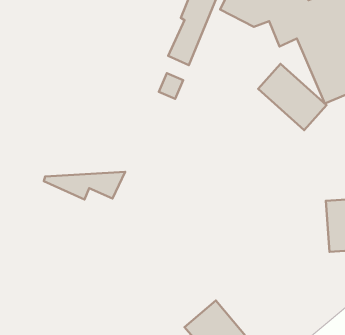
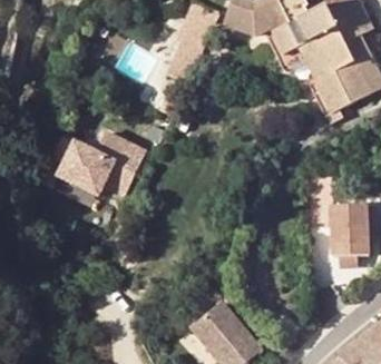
building: [258,64,327,130] -> none
building: none -> [55,137,145,183]

